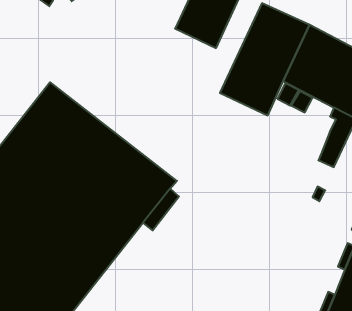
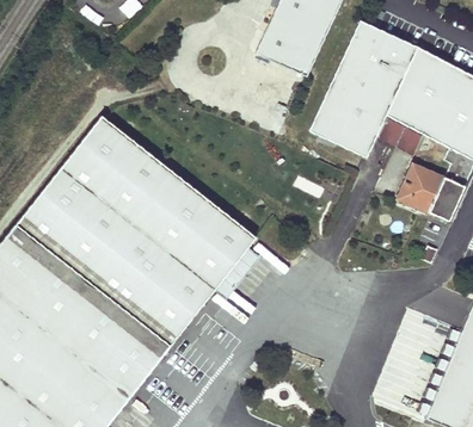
building: none -> [398,163,444,209]

